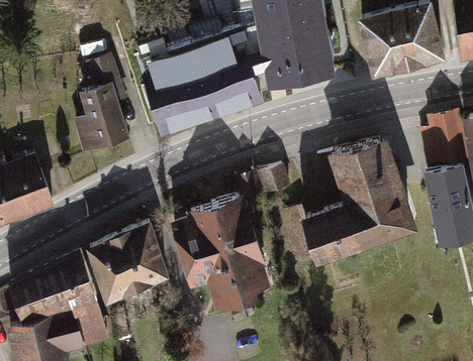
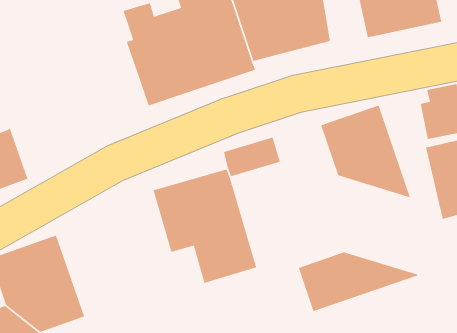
building: [75,52,129,154] -> none
building: [300,202,414,259] -> [298,251,419,312]
building: [86,226,169,304] -> none

